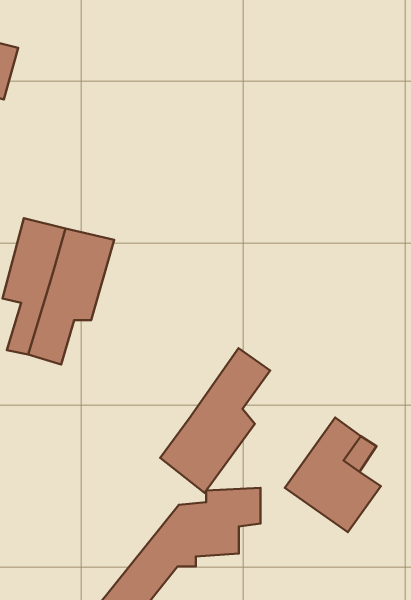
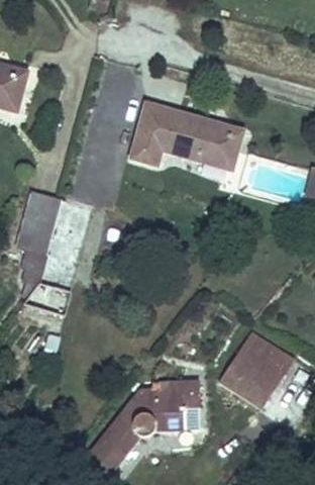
building: none -> [130,102,245,171]
building: [160,348,270,493] -> none

